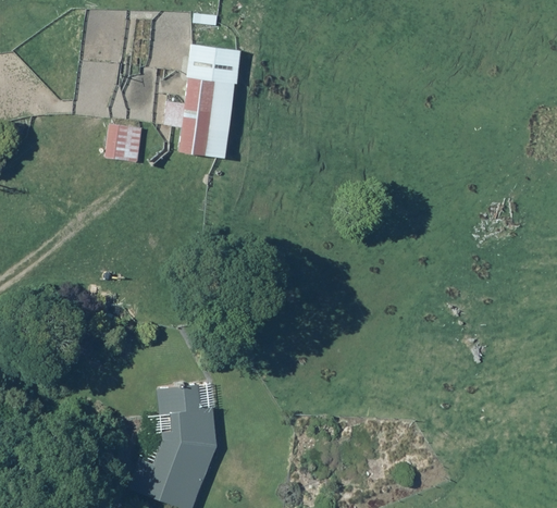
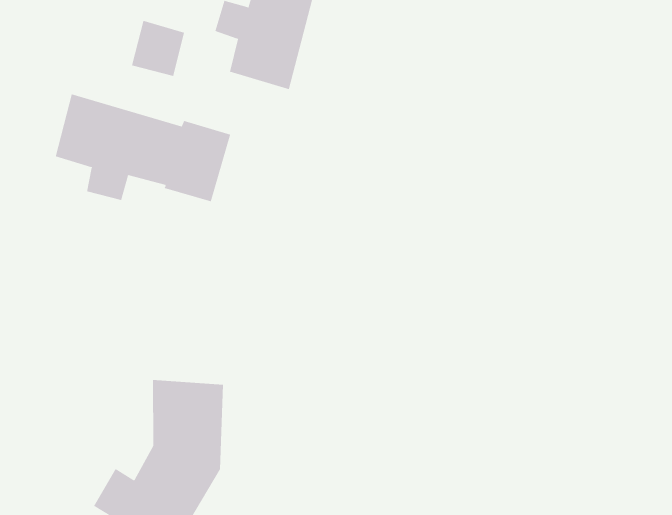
building: none -> [55,94,231,202]

